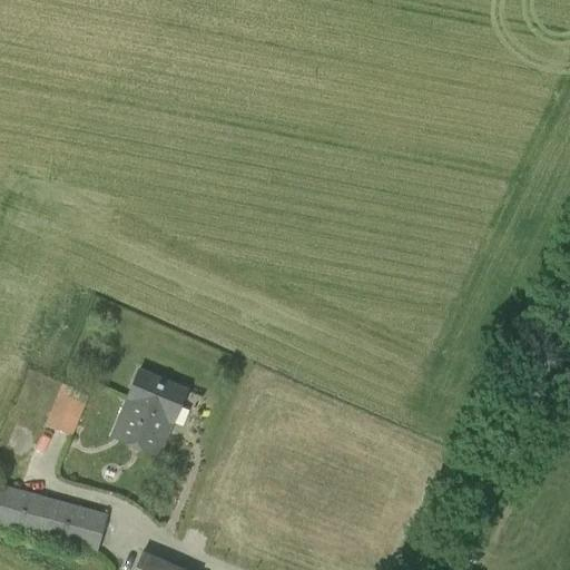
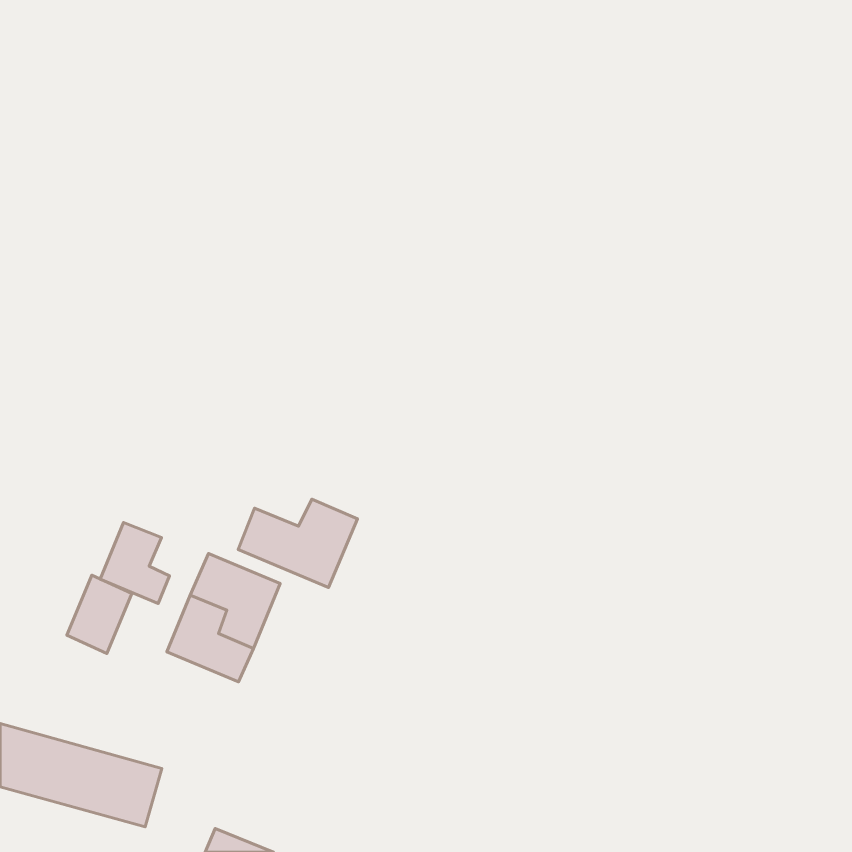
building: none -> [238,499,358,587]
building: none -> [100,522,169,604]

